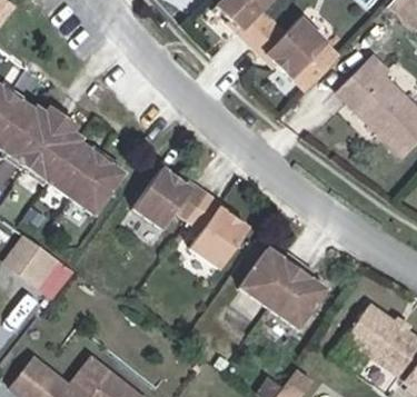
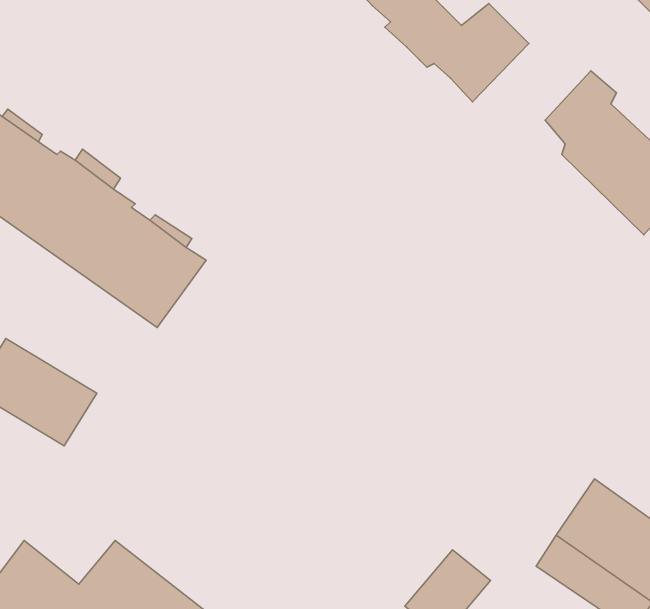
building: [130,173,245,272] -> none
building: [238,251,325,331] -> none

